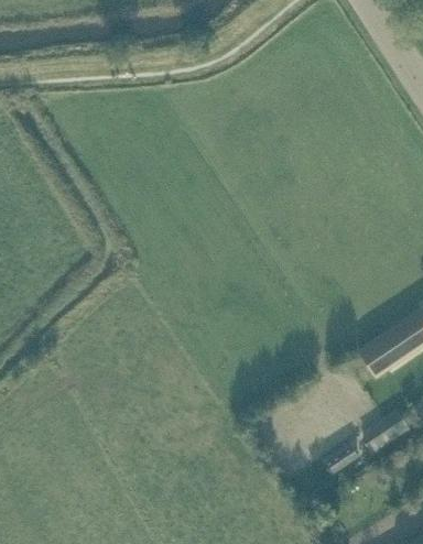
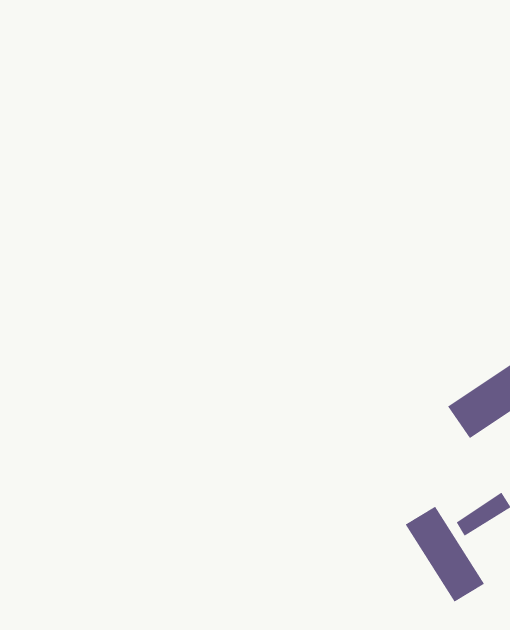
building: none -> [405,506,485,603]

